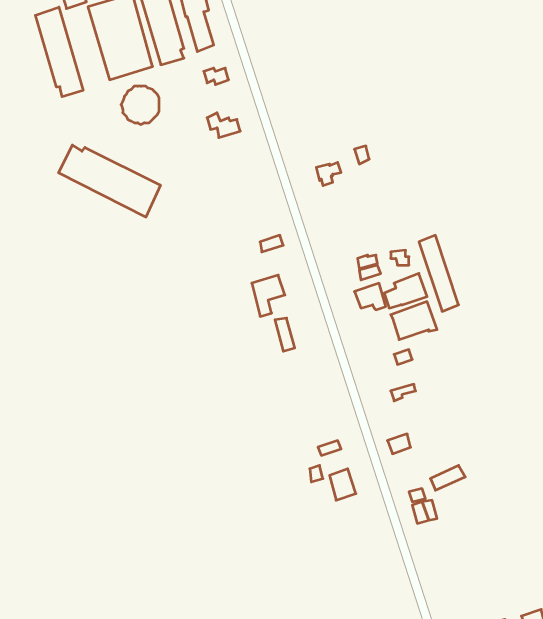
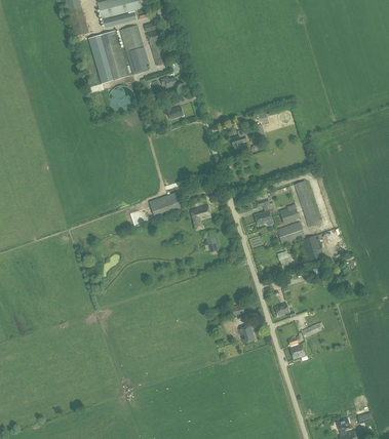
building: [35,7,83,97] -> none
building: [59,145,160,217] -> none
building: none -> [149,191,181,216]
building: none -> [300,233,323,261]

